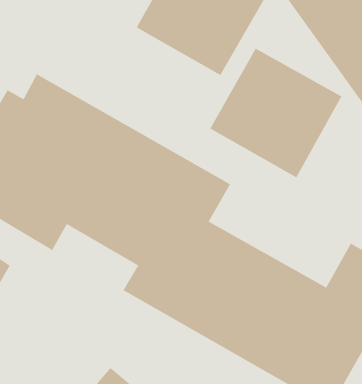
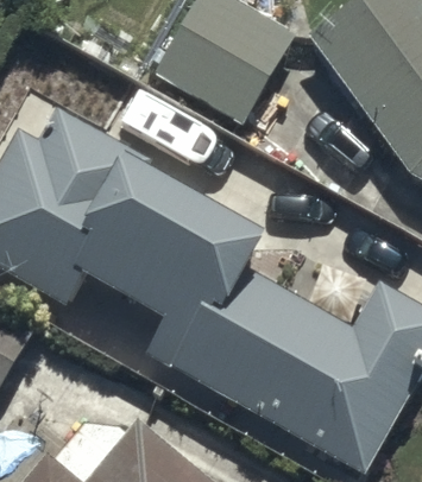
building: [209,48,342,178] -> none

